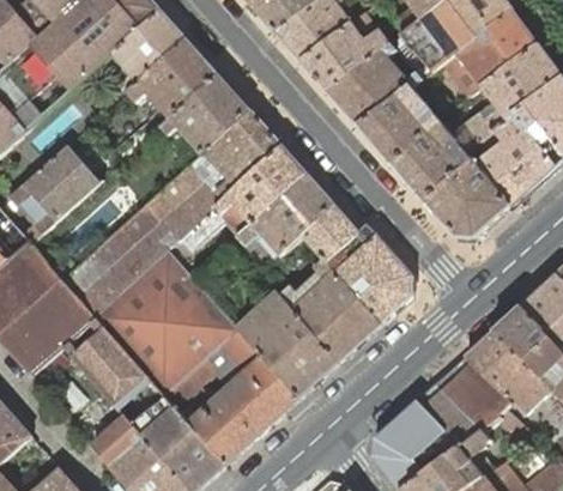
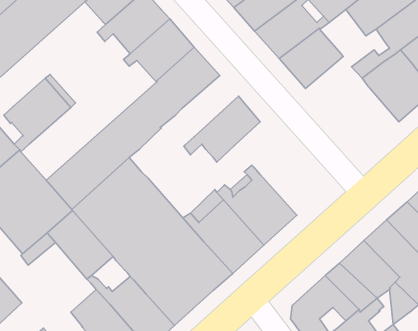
building: [391,122,509,237] -> none
building: [180,146,305,251] -> none
building: [301,205,412,323] -> none

